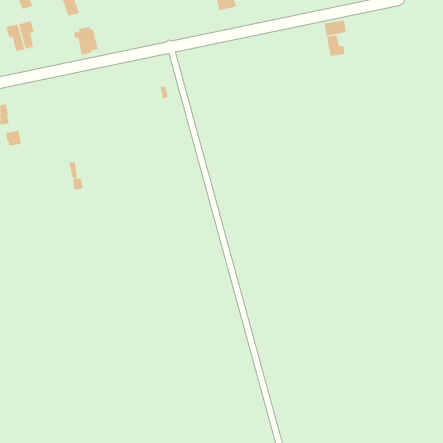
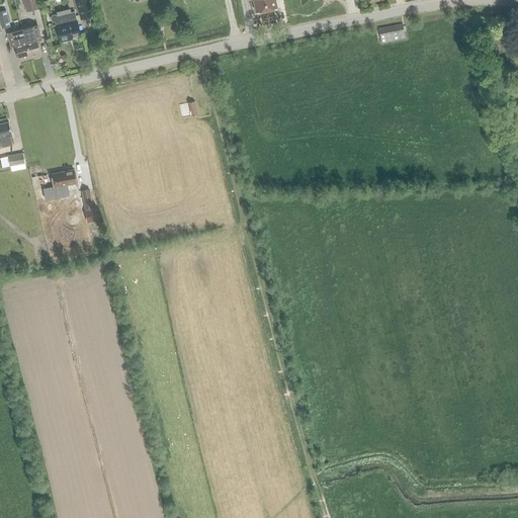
building: [73,27,99,55] -> [50,8,79,41]
building: [327,35,345,57] -> none
building: none -> [50,169,75,194]

